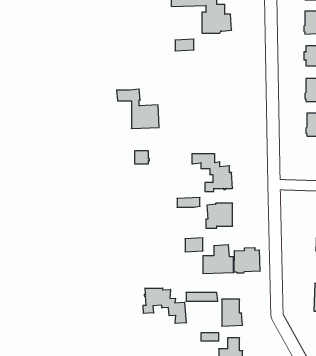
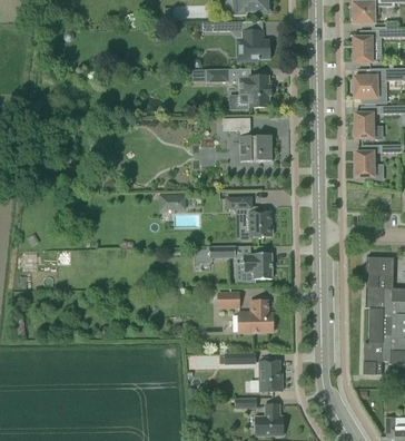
building: none -> [236,76,270,108]
building: [117,89,159,129] -> [224,117,271,161]
building: [234,248,260,273] -> none
building: [143,288,186,323] -> none

